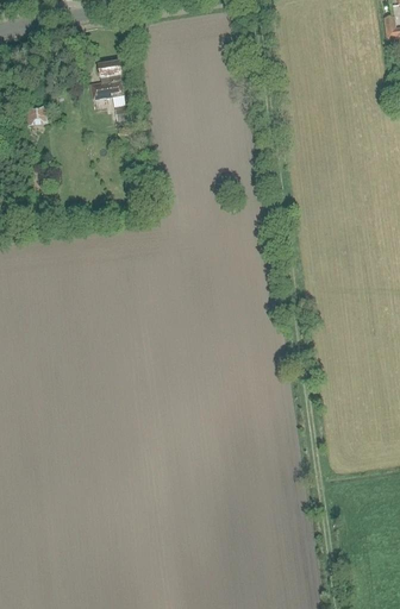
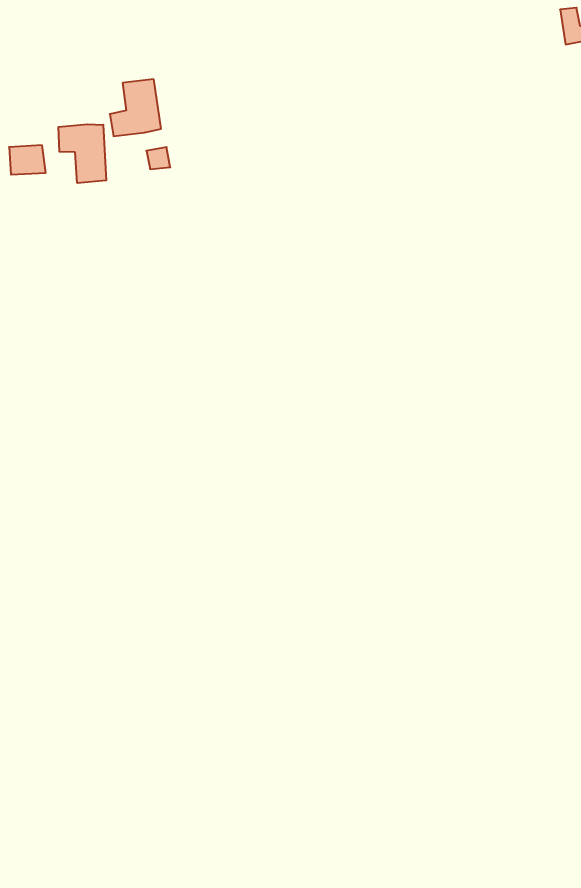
building: none -> [58,124,106,183]

